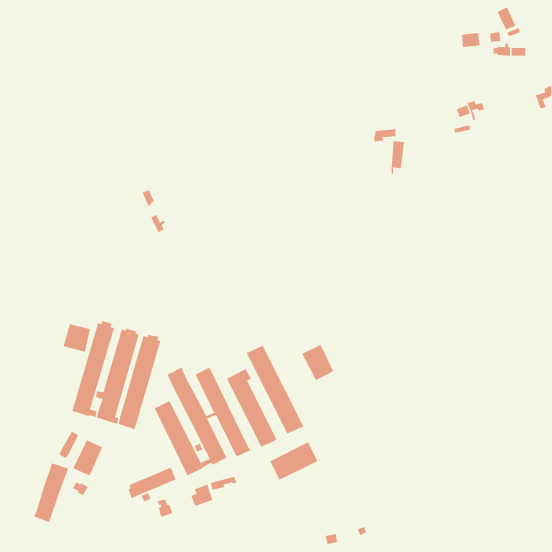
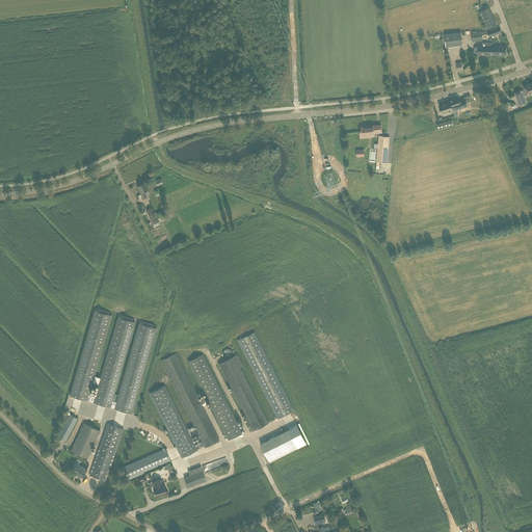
building: [63,324,90,353] -> none
building: [301,344,334,381] -> none
building: [33,462,69,523] -> [88,422,123,480]

